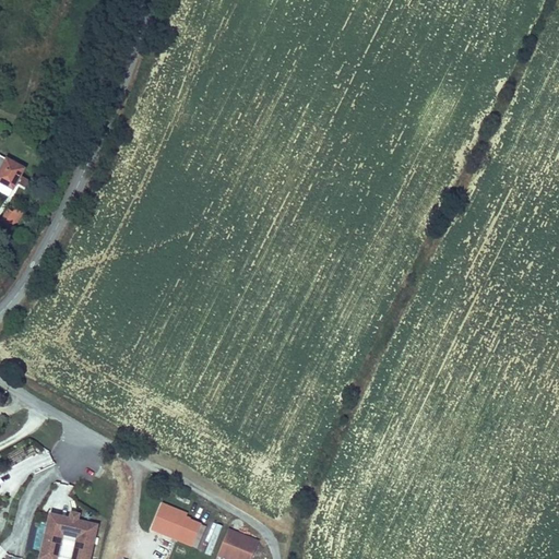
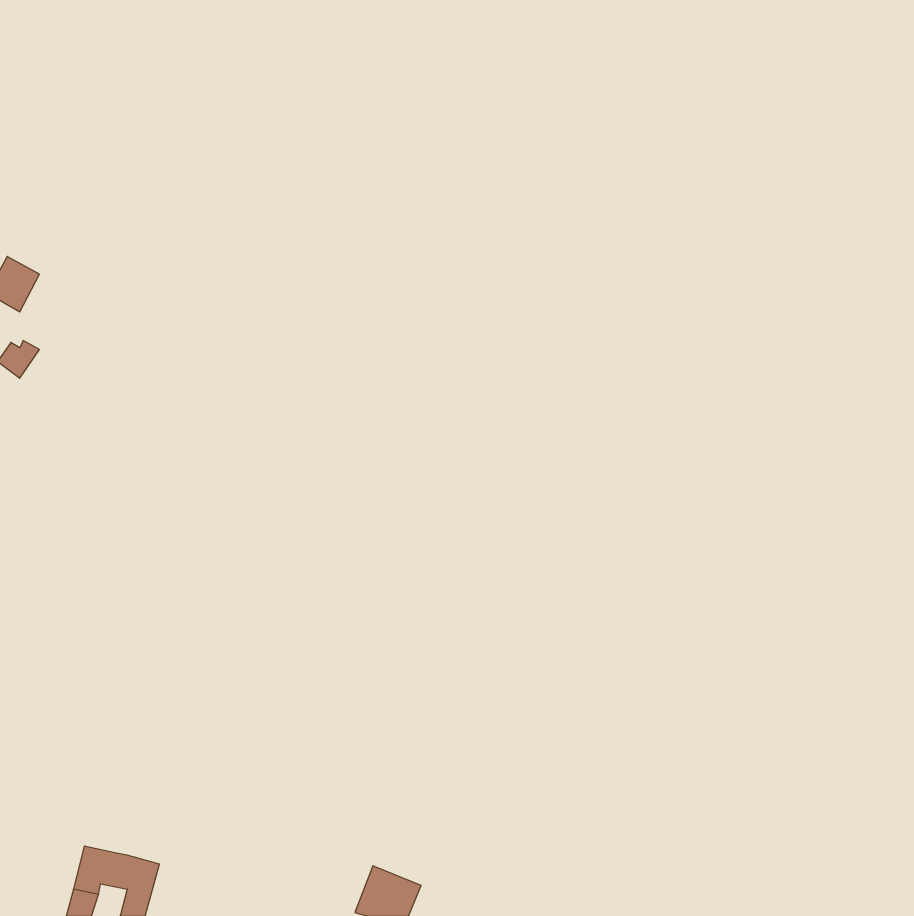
building: [150,502,200,546] -> none

